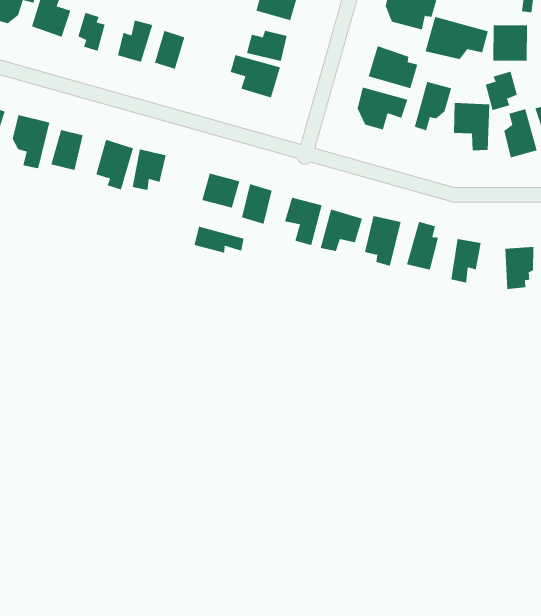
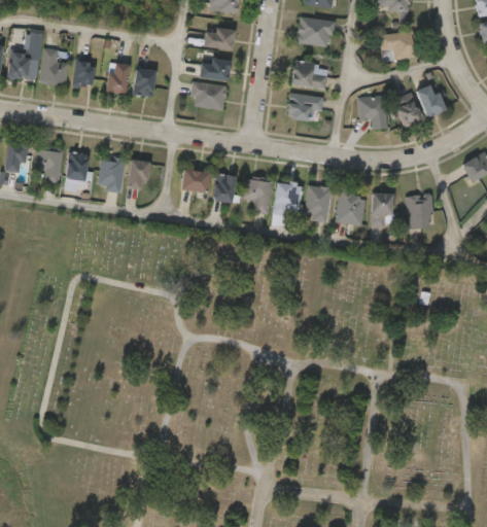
building: [425,16,489,60] -> none
building: [485,71,517,111] -> none
building: [414,81,452,131] -> none
building: [194,226,244,253] -> none

